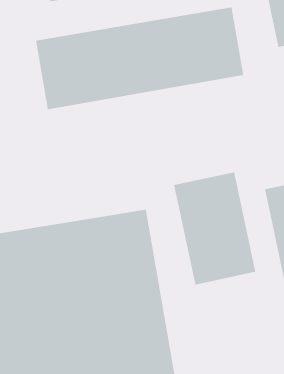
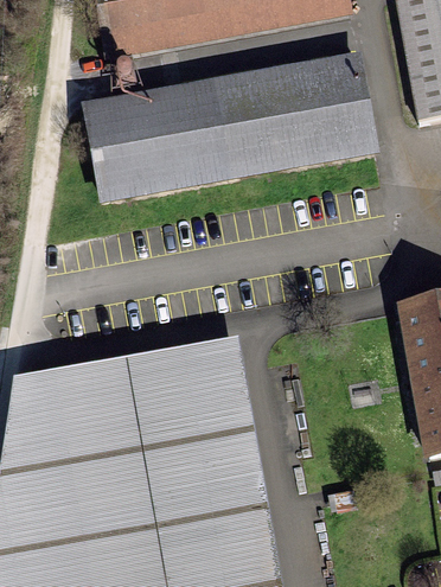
building: [173,171,256,286] -> none

